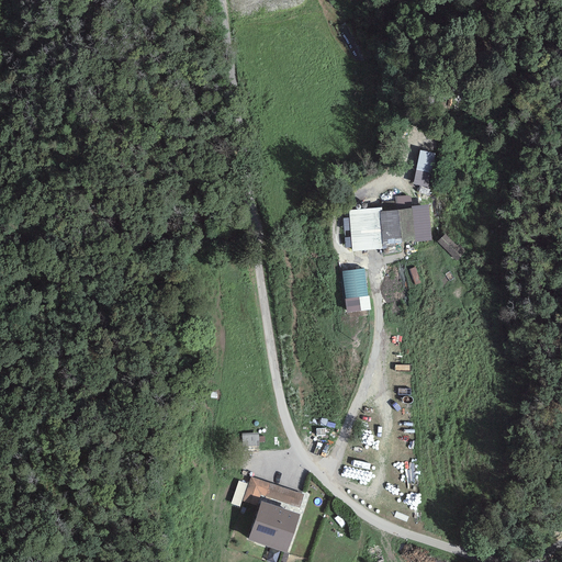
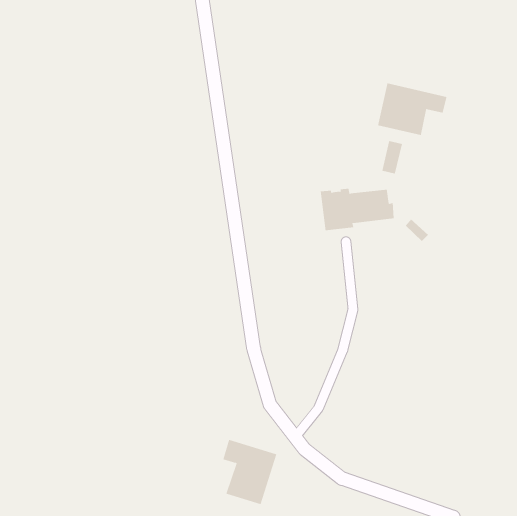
building: none -> [378,82,447,136]
building: [345,271,370,314] -> none

